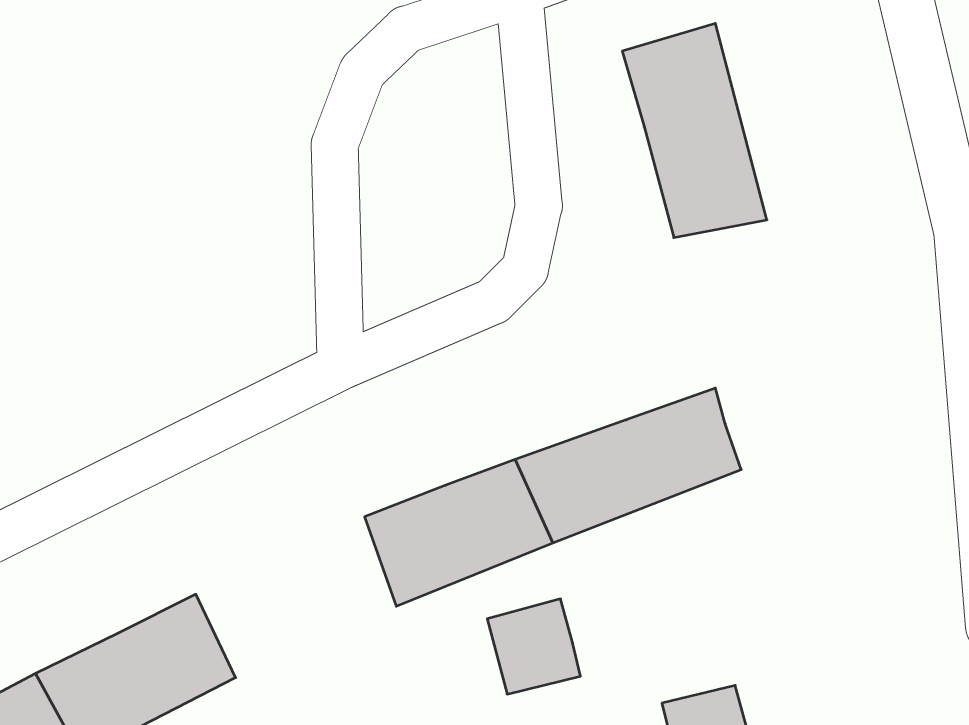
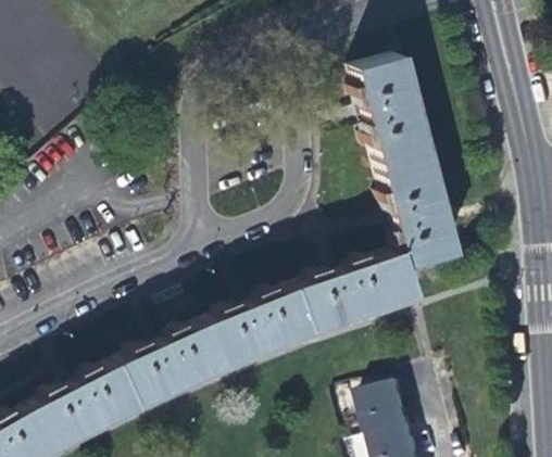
building: none -> [380,158,460,270]
building: none -> [118,321,228,409]
building: [487,599,580,694] -> [363,371,414,423]

